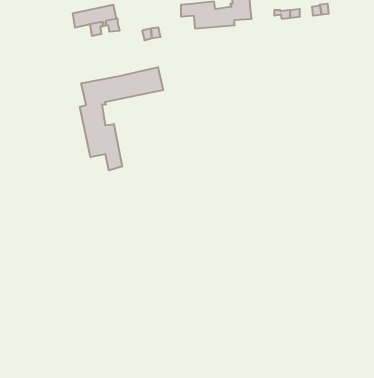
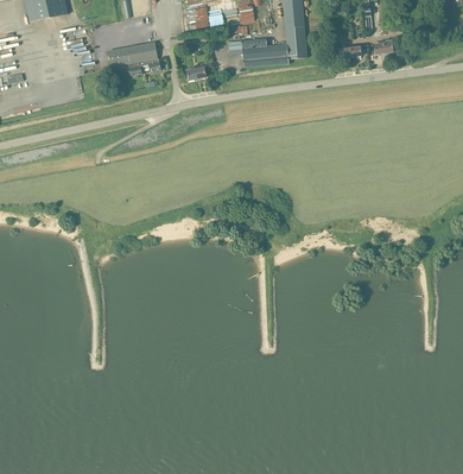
building: [80,67,163,170] -> none

